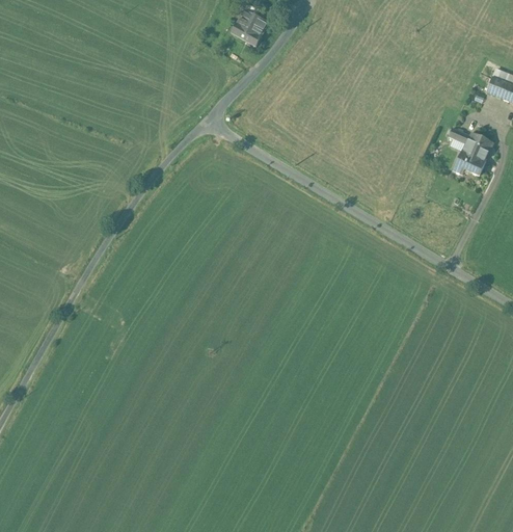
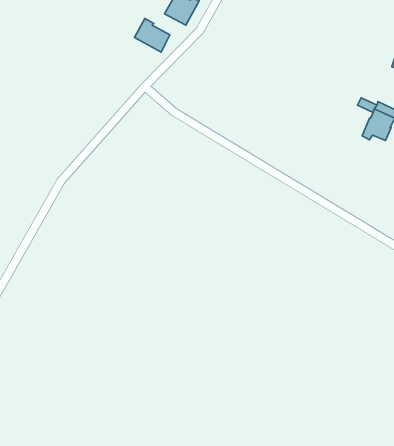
building: none -> [134,18,170,52]

